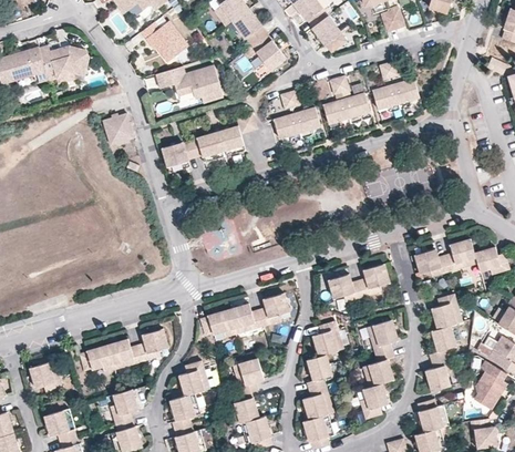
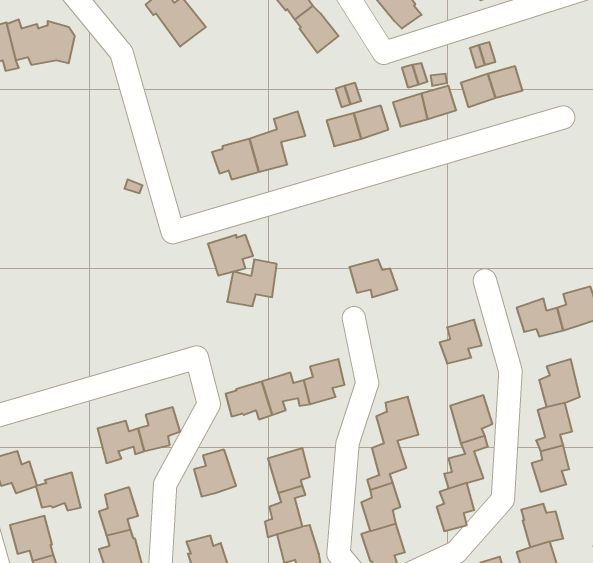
building: [158,66,224,103] -> none
building: [103,114,134,145] -> none
building: [163,142,196,172] -> [208,235,253,276]
building: [328,275,363,302] -> [349,259,398,297]
building: [80,345,113,372] -> [36,473,81,510]
building: [167,392,198,428] -> none

